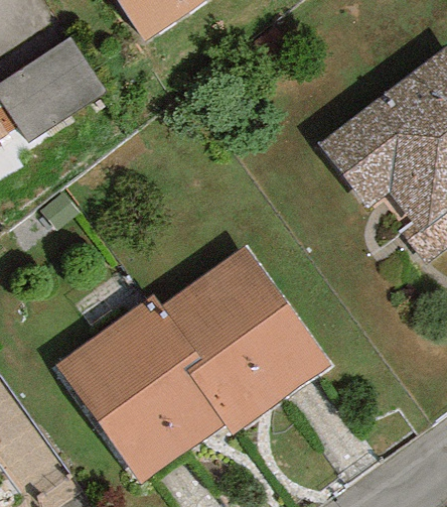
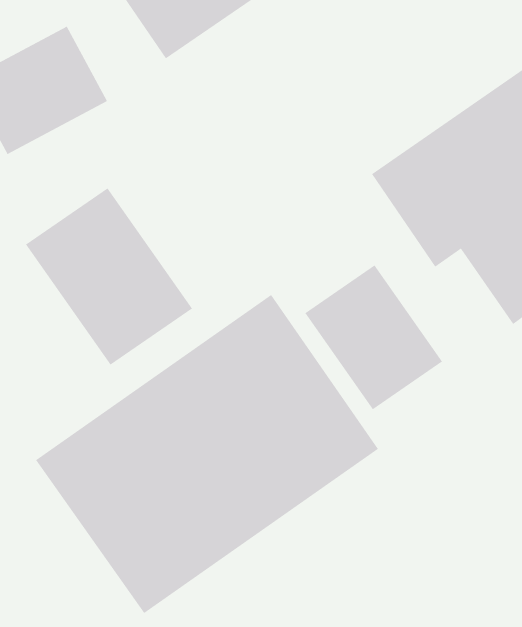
building: none -> [25,187,193,365]
building: none -> [304,264,443,410]

